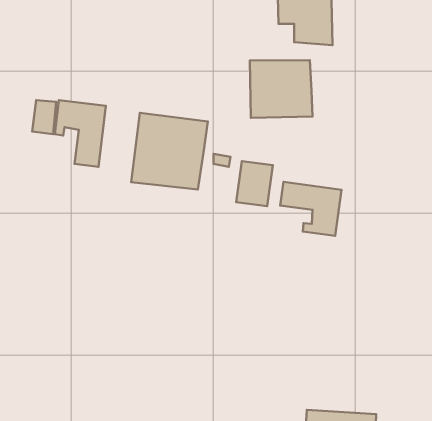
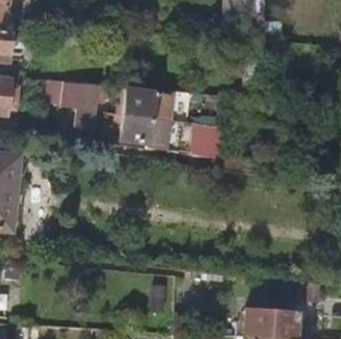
building: [250,60,312,118] -> none
building: [280,182,341,236] -> none

